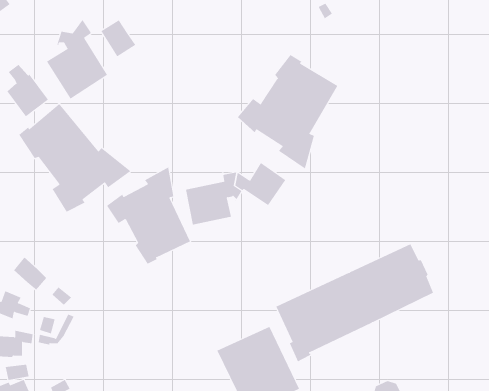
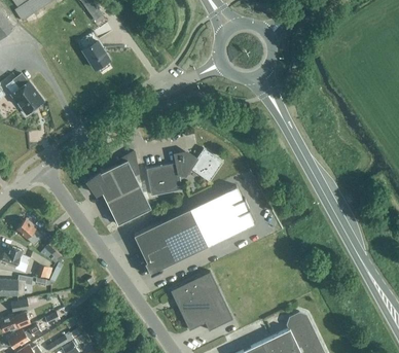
building: [46,19,108,100] -> none
building: [237,54,338,169] -> none
building: [18,103,132,212] -> none
building: [275,244,434,362] -> [134,186,253,276]

